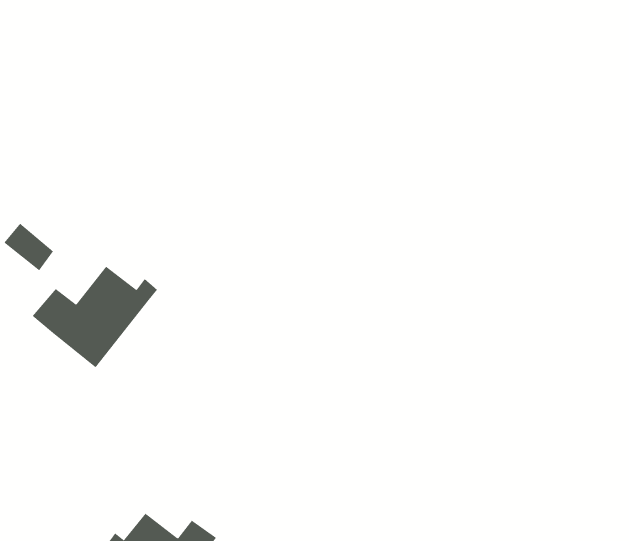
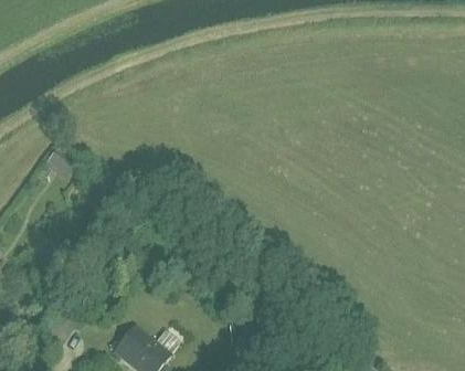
building: [32,266,158,368] -> none

